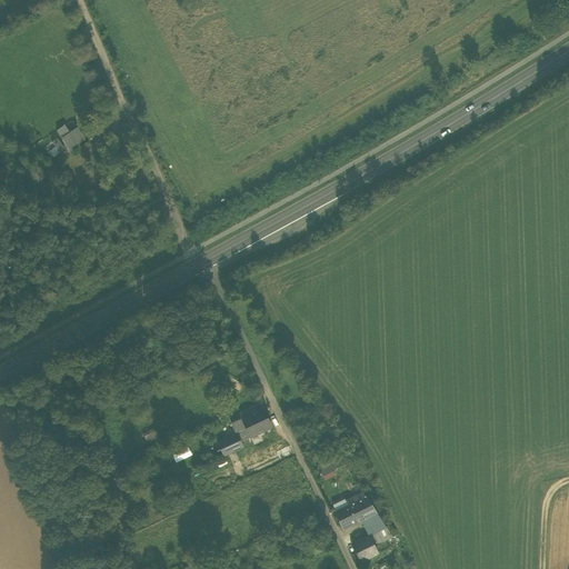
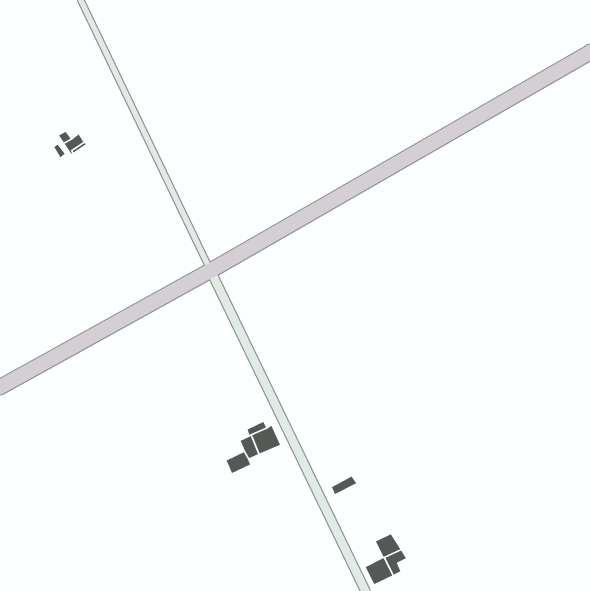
building: [335,491,376,529] -> none

